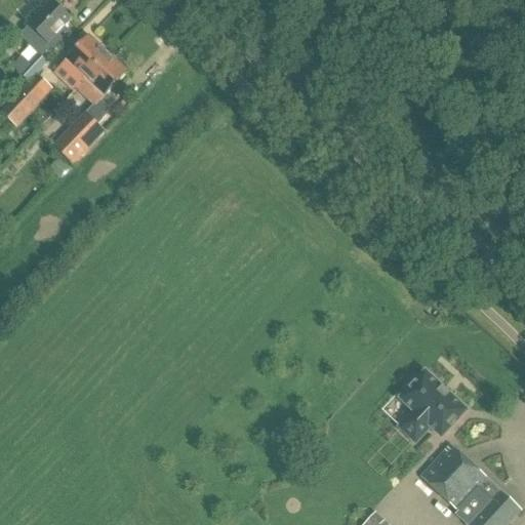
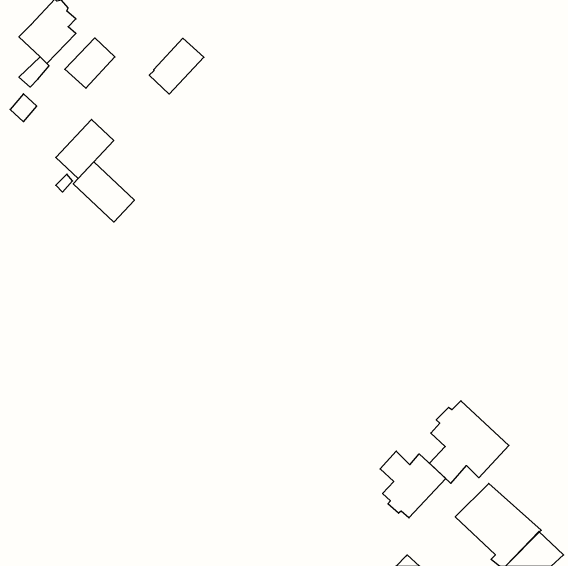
building: [75,52,125,104] -> [149,38,204,94]
building: none -> [73,162,134,222]
building: none -> [380,451,446,518]

